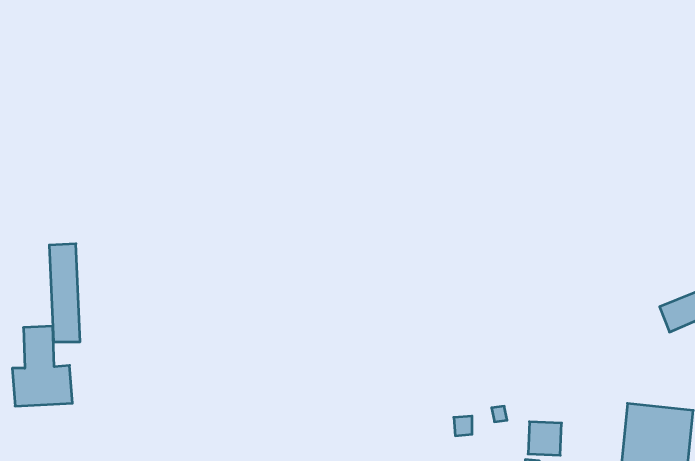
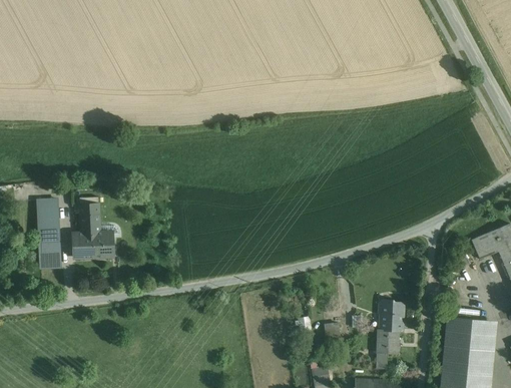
building: [12,326,72,406] -> [69,203,112,260]
building: none -> [380,300,405,328]

